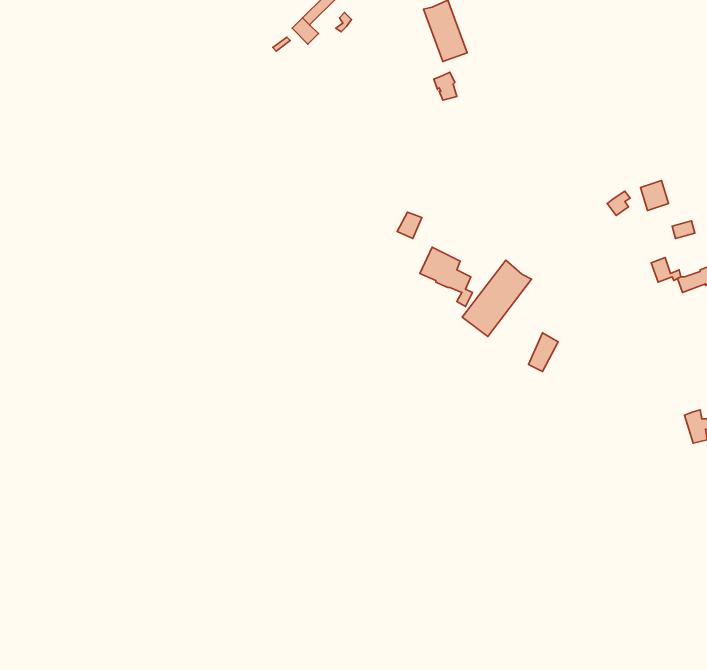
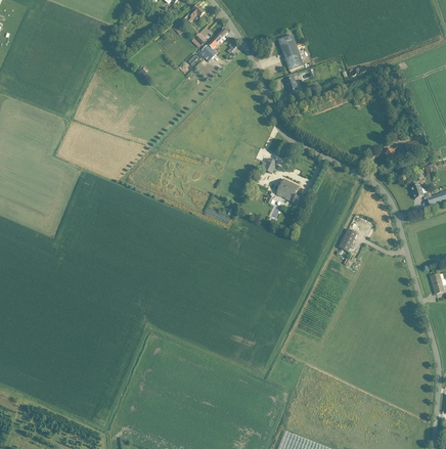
building: [462,260,532,337] -> none

